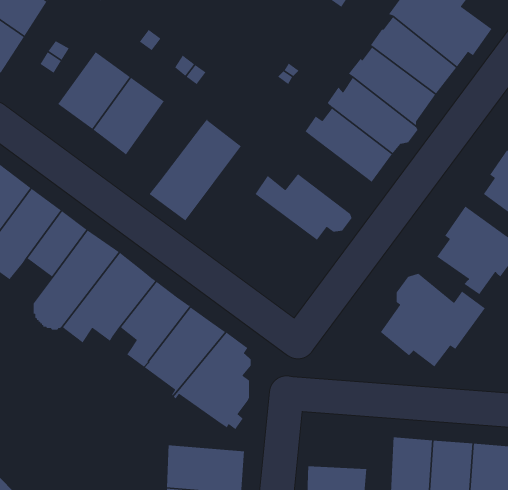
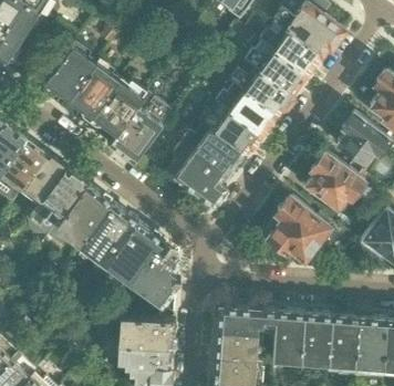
building: none -> [92,81,143,135]
building: none -> [199,105,261,158]
building: none -> [173,145,227,215]
building: none -> [217,307,276,336]

